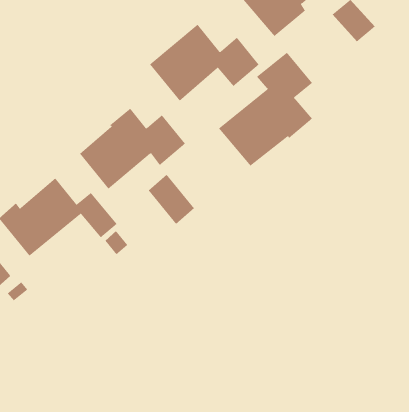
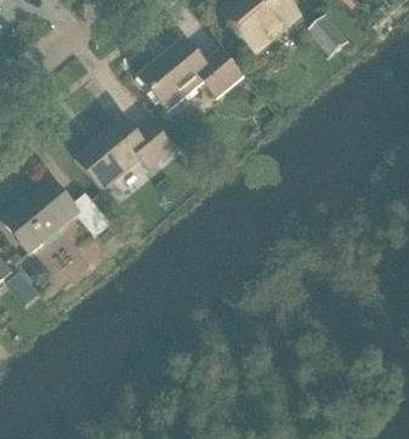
building: [218,52,313,166] -> none
building: [148,174,195,225] -> none

